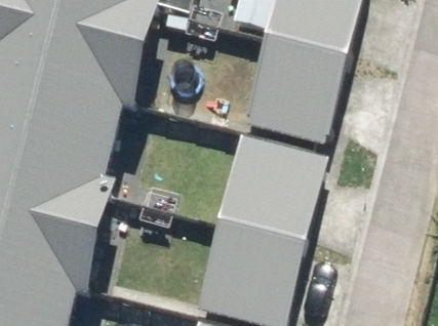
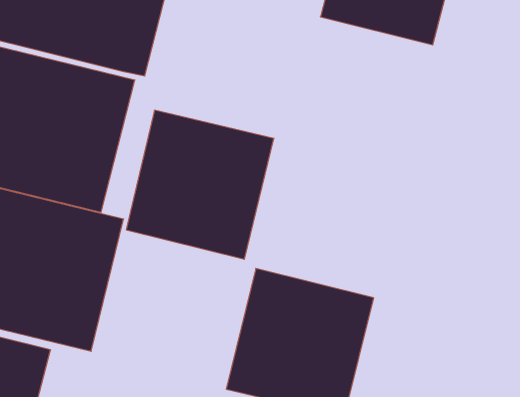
building: [243,39,348,147] -> none
building: [218,135,326,244] -> [126,110,274,259]

